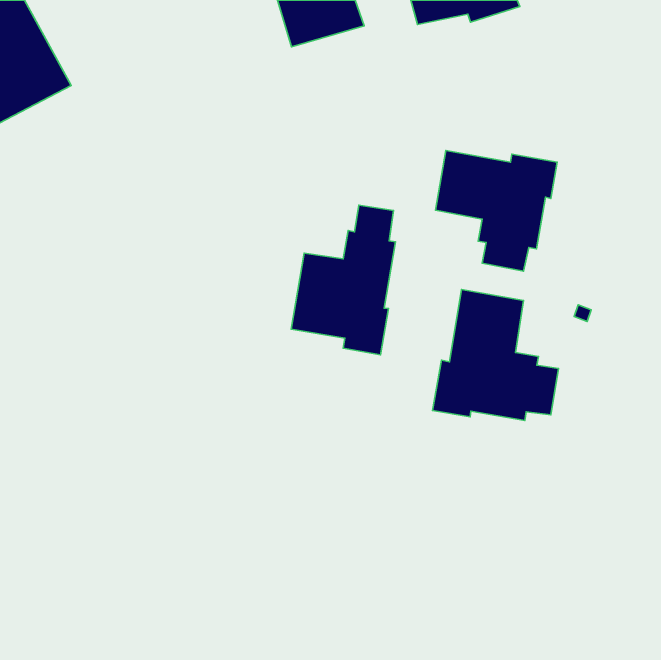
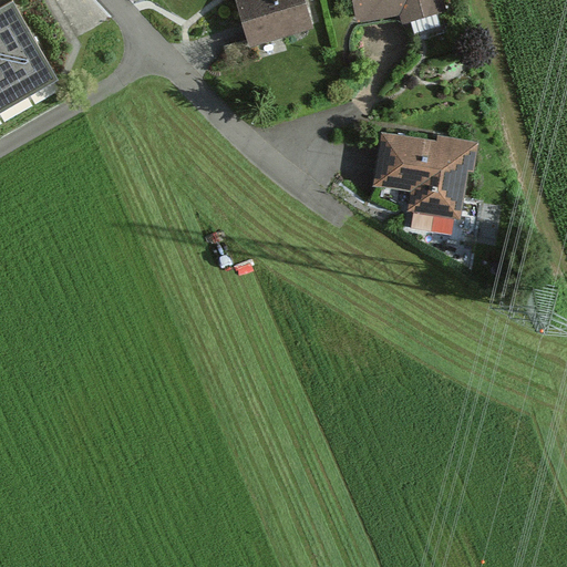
building: [291,205,396,355] -> none
building: [433,290,558,420] -> none

